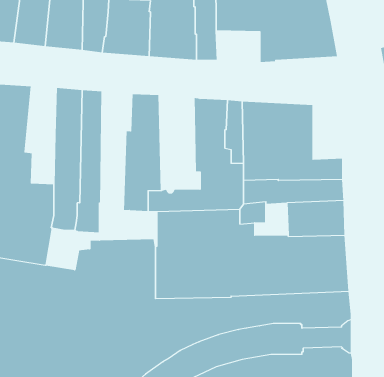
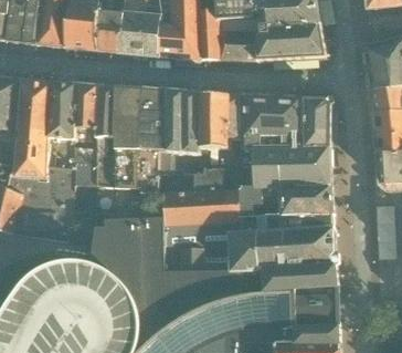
building: none -> [219,32,257,61]
building: none -> [49,82,76,169]
building: none -> [115,86,144,193]
building: none -> [168,90,204,177]
building: none -> [305,98,331,147]

